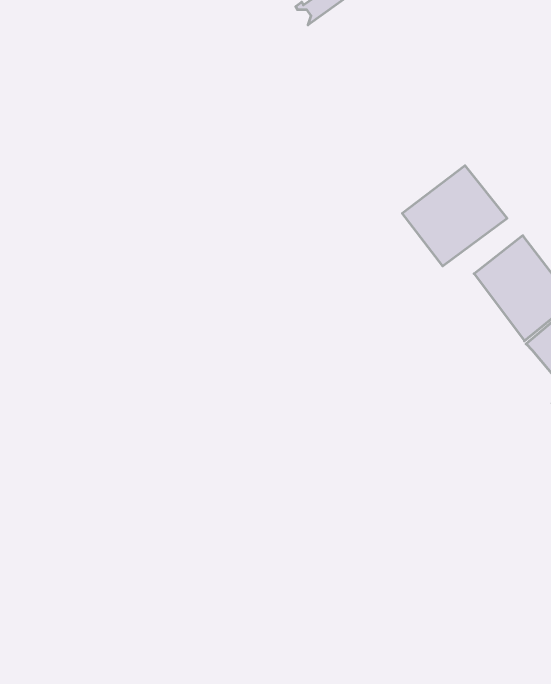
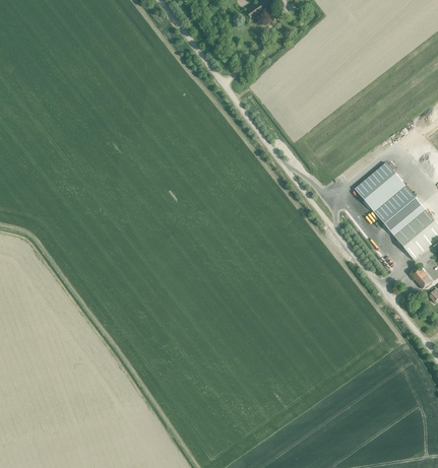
building: [402,166,507,266] -> none

